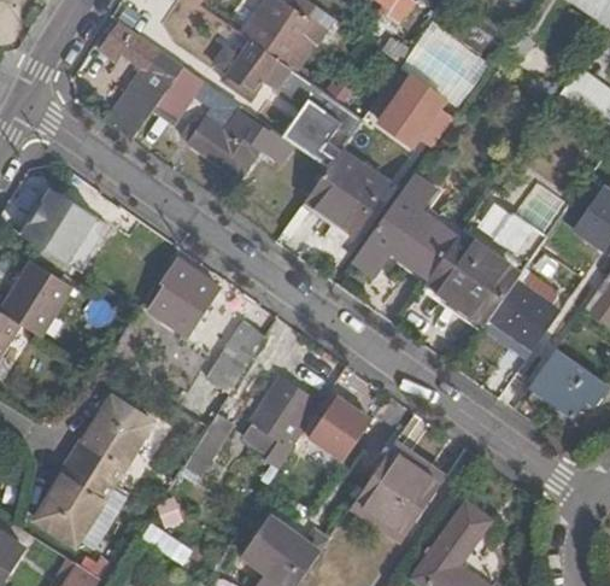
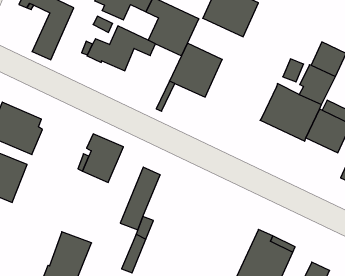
building: [157,66,204,121] -> none
building: [353,174,458,279] -> none
building: [242,377,315,467] -> none
building: [306,397,370,462] -> none

